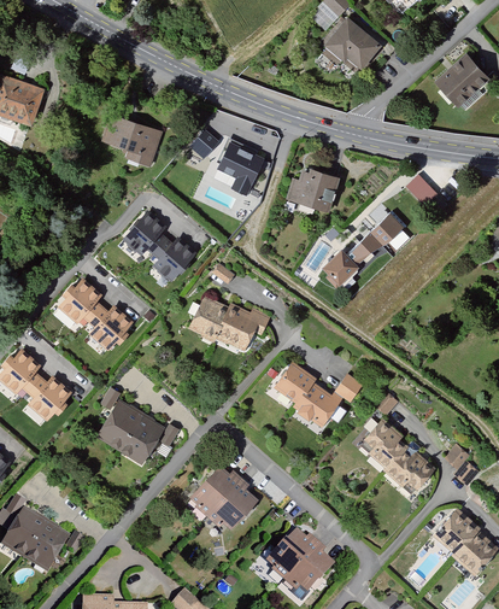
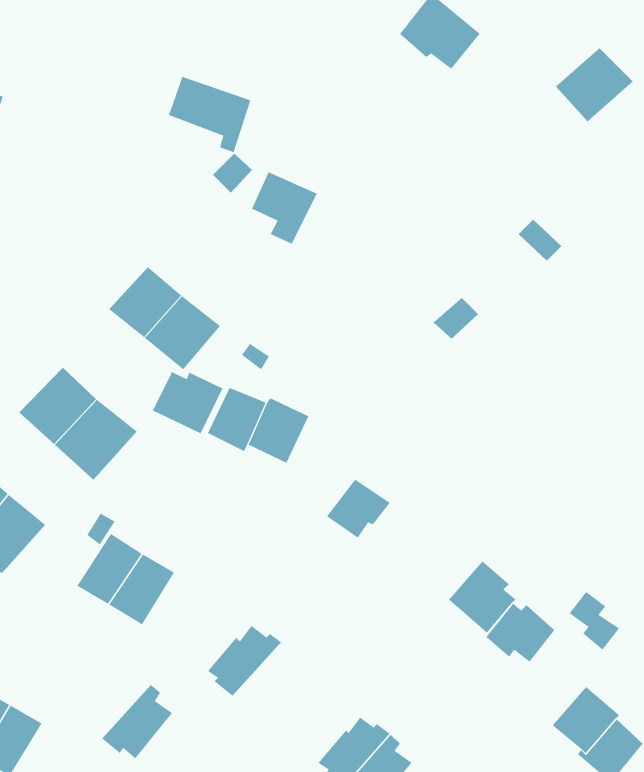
building: [101,113,160,168] -> [168,76,251,153]
building: [284,163,337,212] -> none
building: [368,210,404,244] -> none
building: [318,244,360,287] -> none
building: none -> [152,371,223,434]
building: [290,382,341,427] -> none
building: [205,476,256,529] -> [101,684,173,759]

